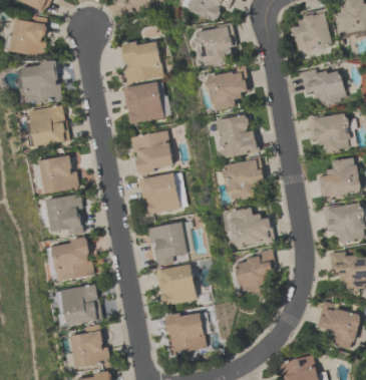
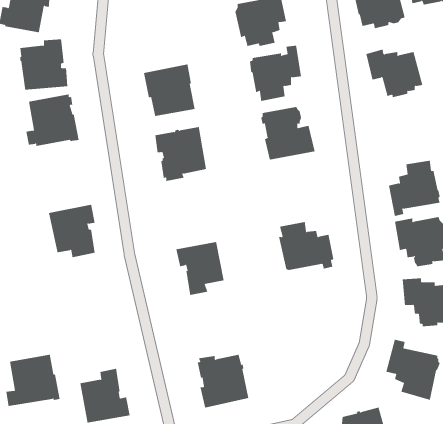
building: [120,41,162,82] -> none
building: [307,112,349,152] -> none
building: [39,154,77,192] -> none
building: [221,156,263,200] -> none
building: [137,172,178,215] -> none
building: [47,237,94,281] -> none
building: [236,248,276,293] -> none
building: [154,264,196,305] -> none
building: [58,284,102,326] -> [5,354,60,407]

